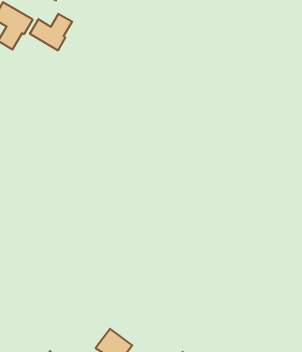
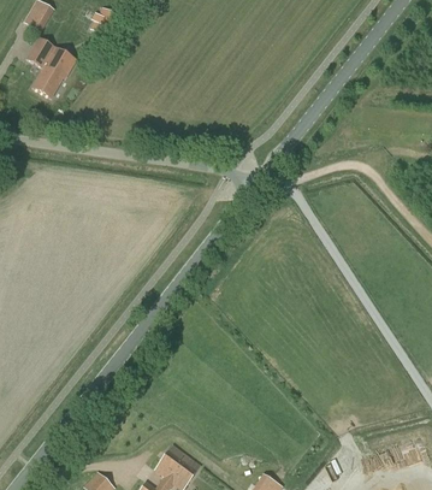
building: [30,14,72,50] -> none

